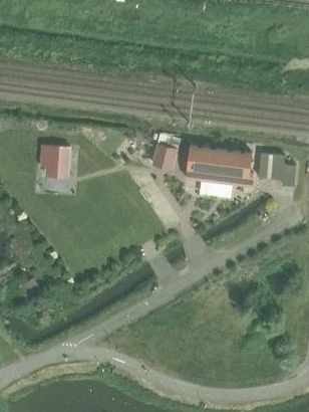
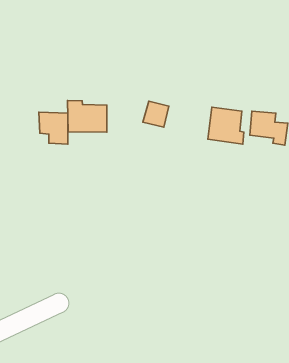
building: none -> [68,100,107,132]
building: [187,145,220,181] -> none

